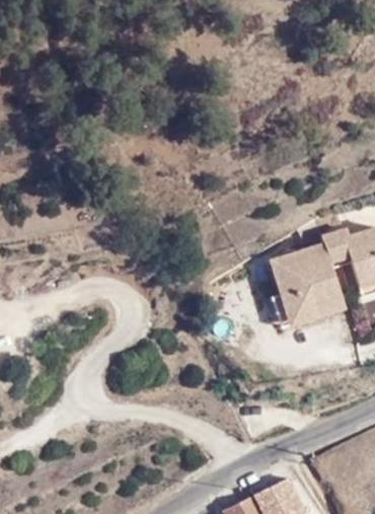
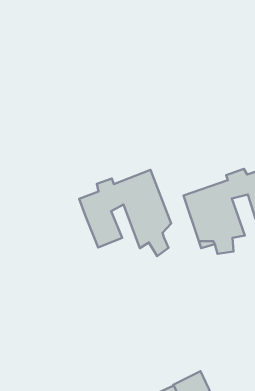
building: none -> [79,170,171,256]

